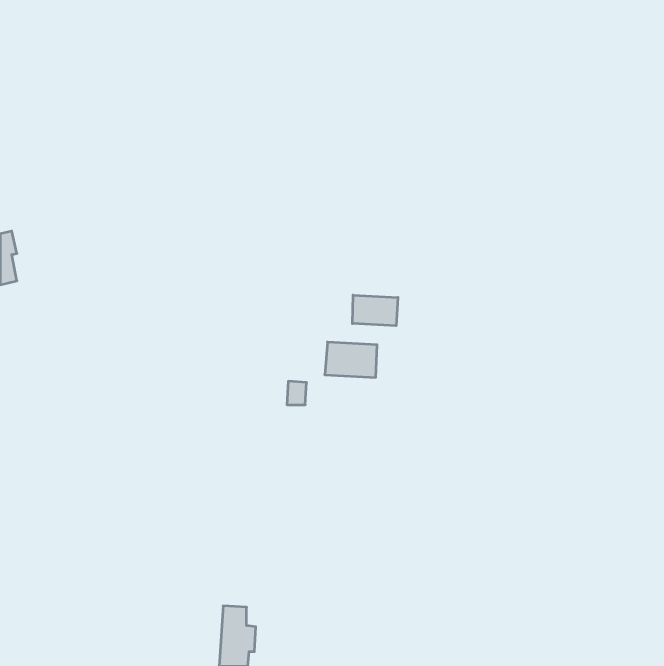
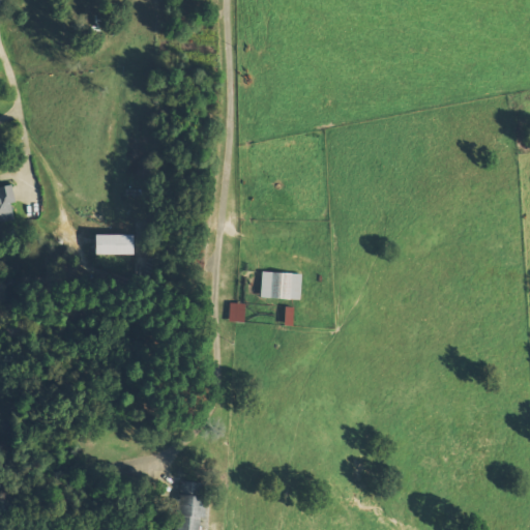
building: [352,295,398,326] -> none
building: none -> [92,234,131,255]

